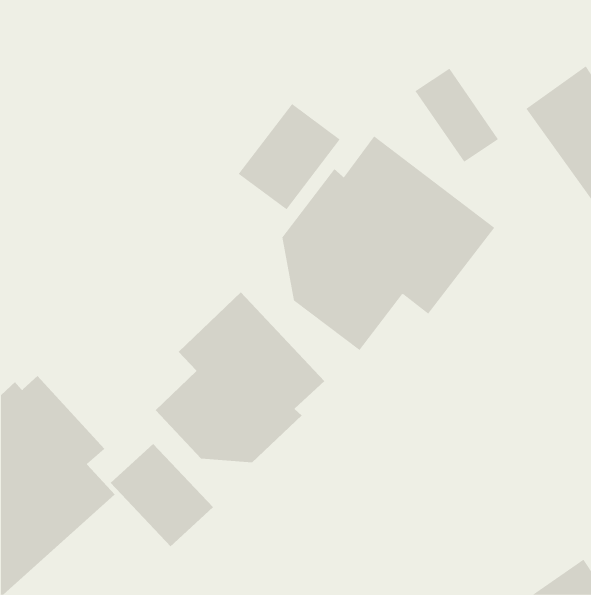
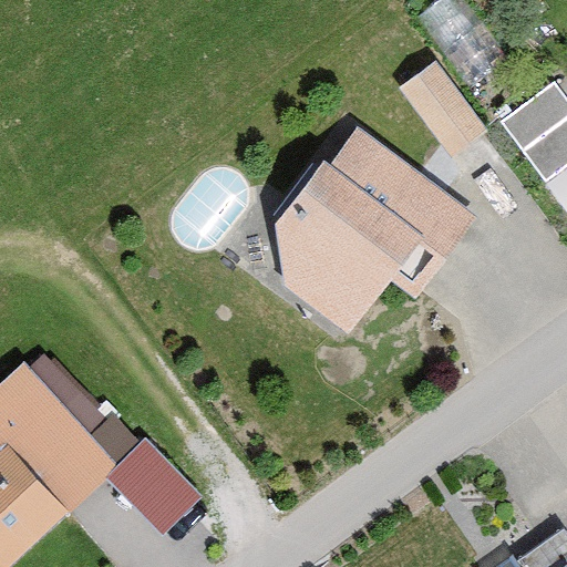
building: [238,103,341,210] -> none
building: [155,292,325,463] -> none

